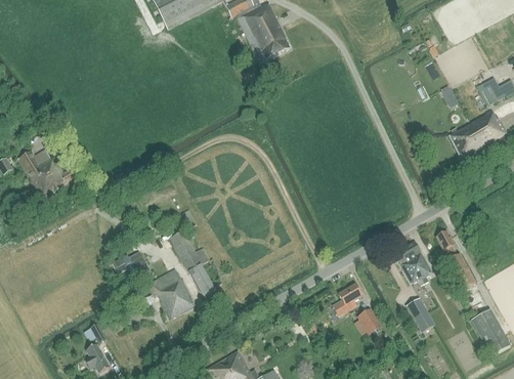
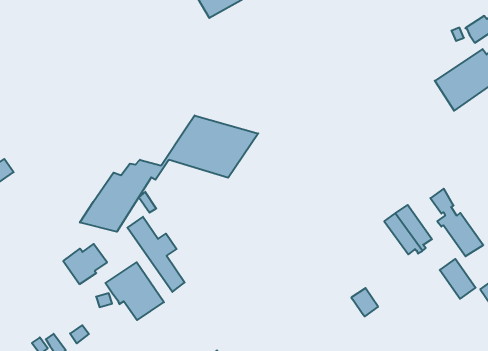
building: none -> [80,115,258,232]
building: [332,283,362,317] -> none
building: [405,297,435,332] -> [440,259,476,299]

